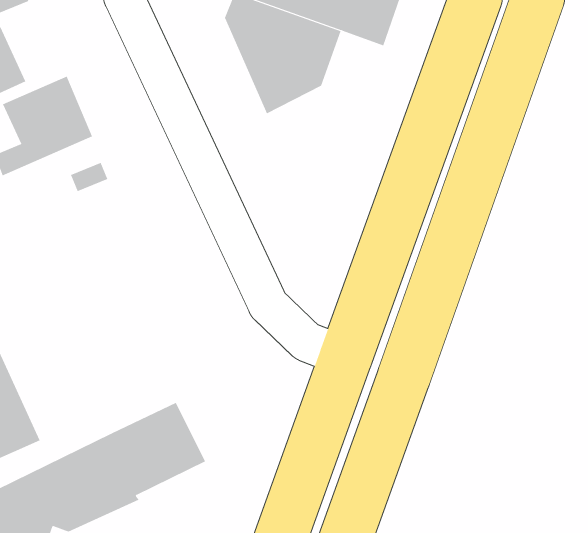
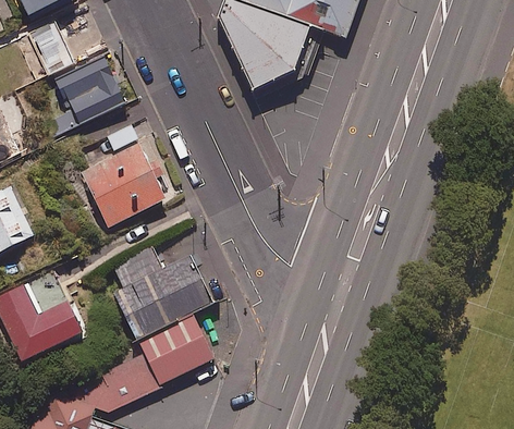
building: none -> [83,147,167,229]
building: none -> [105,242,211,334]

